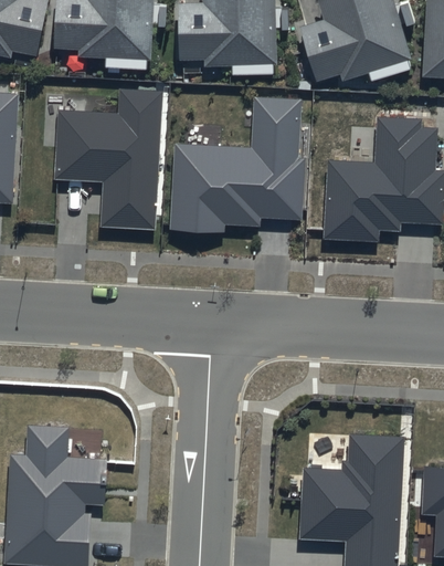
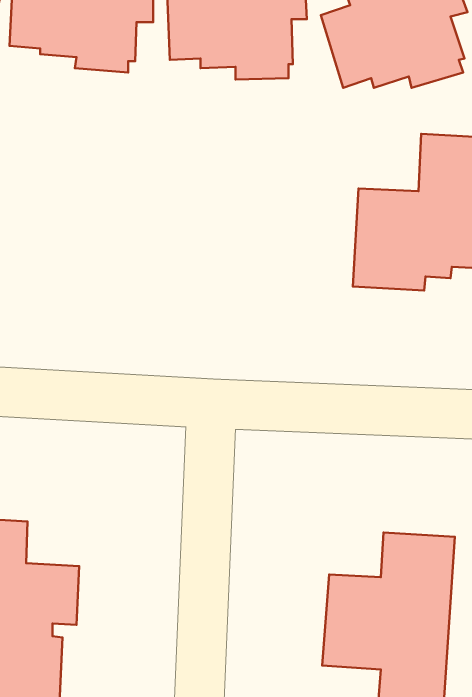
building: [55,86,162,228] -> none
building: [173,97,304,231] -> none

